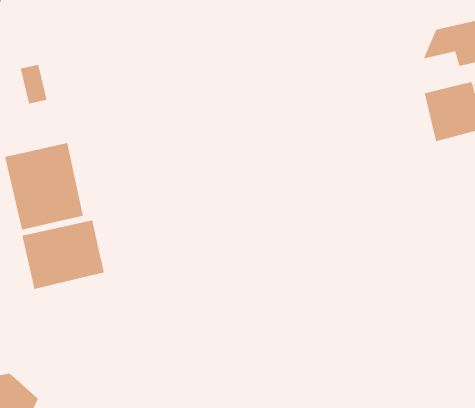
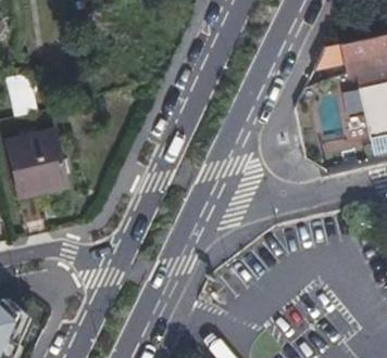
building: [22,219,105,290] -> none

